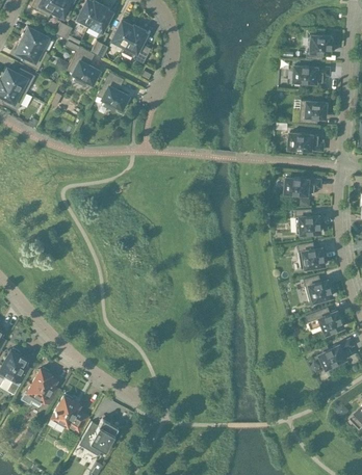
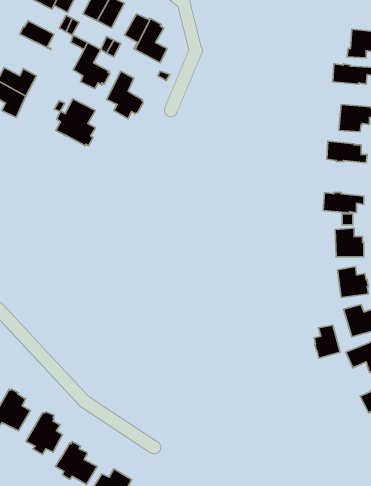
building: [15,39,47,71] -> none
building: none -> [56,99,95,146]
building: none -> [314,325,340,358]

